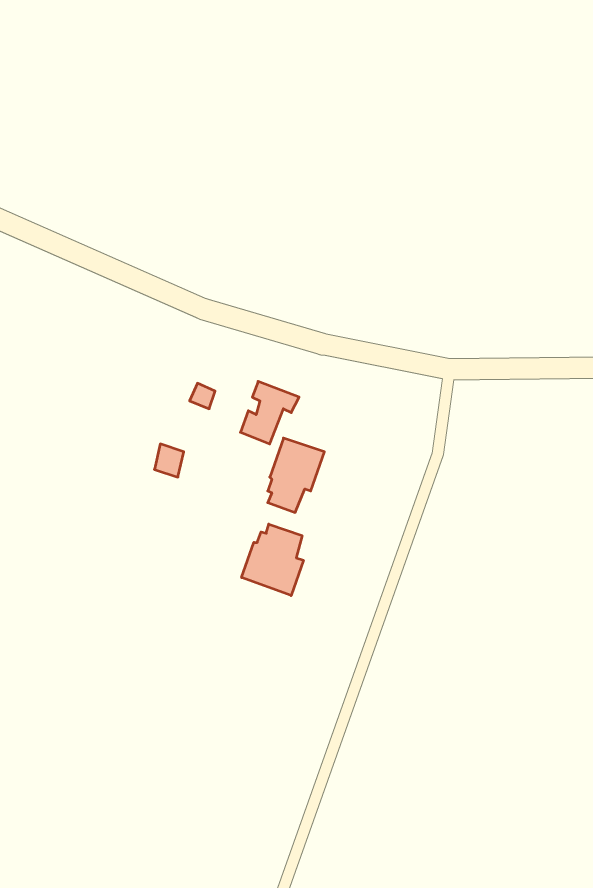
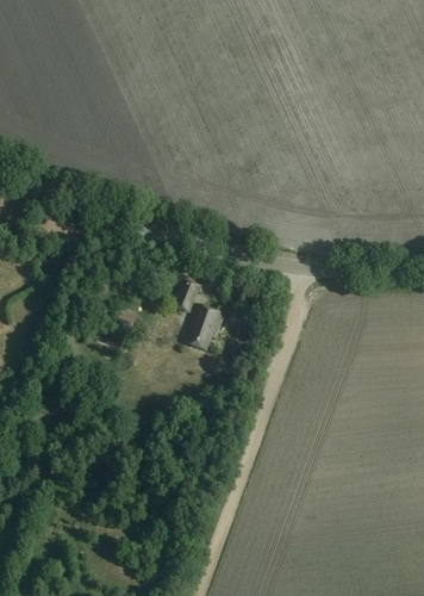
building: [242,524,303,596] -> none

